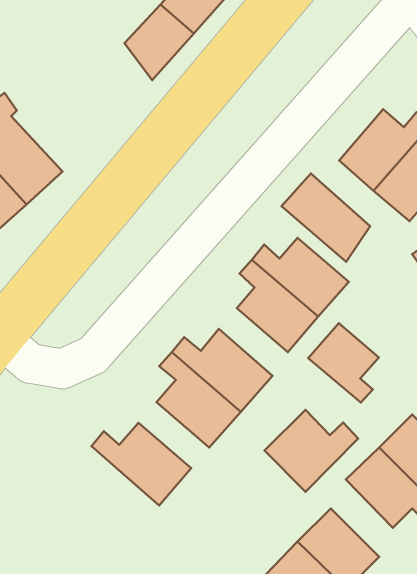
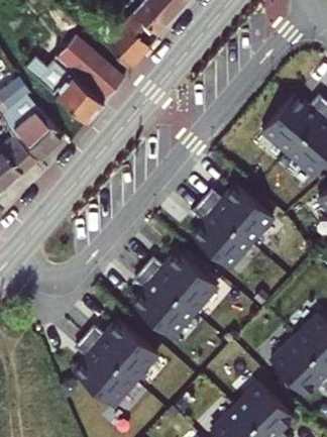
building: none -> [25,37,122,123]
building: [282,173,370,262] -> none
building: [308,323,379,403] -> none
building: [265,410,358,492] -> none
building: none -> [72,338,133,408]

